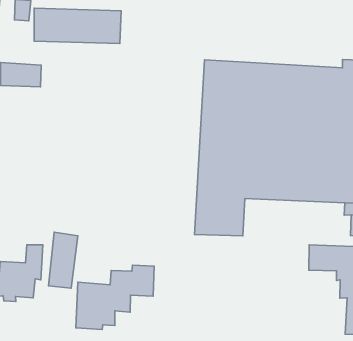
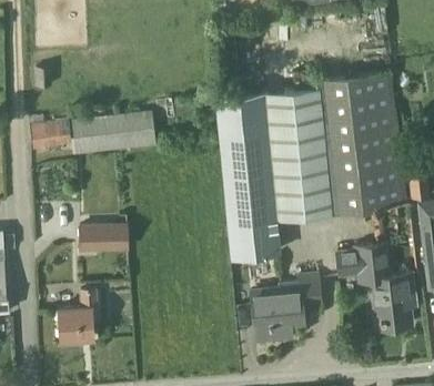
building: [34,8,121,43] -> [69,114,152,154]
building: none -> [79,226,127,252]
building: [76,265,154,330] -> [252,274,323,342]

